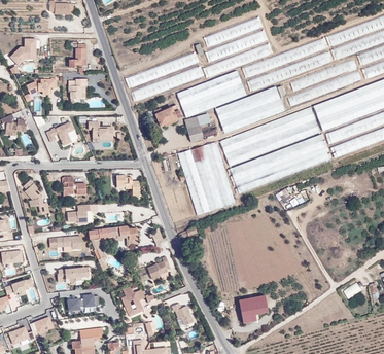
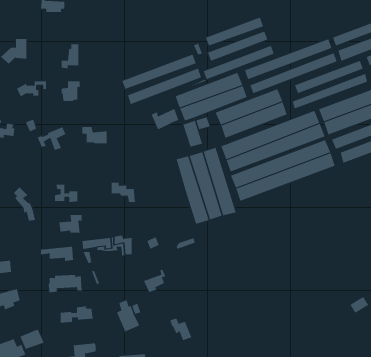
building: [240,295,268,323] -> none

